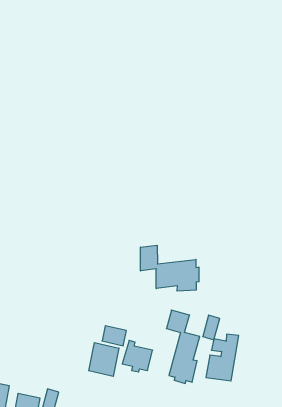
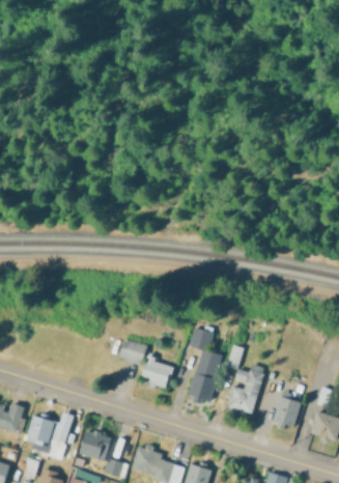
building: [141,245,199,291] -> none
building: [89,343,119,376] -> none
building: none -> [273,396,301,426]

